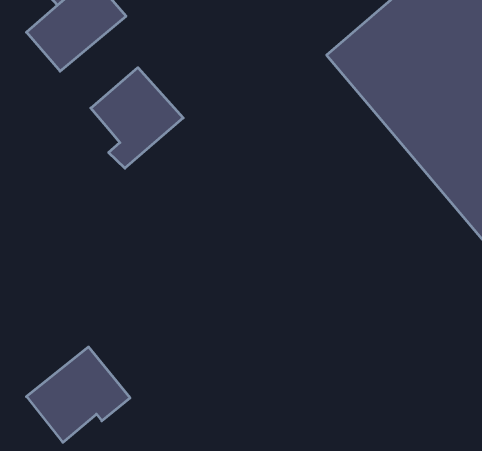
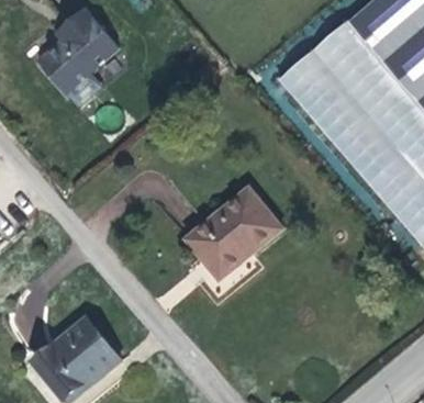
building: [91,68,183,168] -> none
building: none -> [186,189,281,271]

